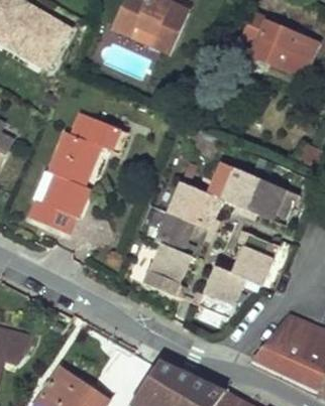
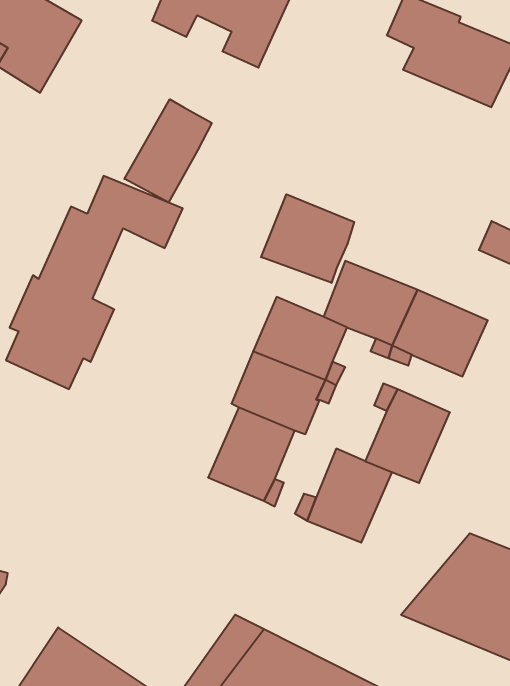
building: none -> [124,99,212,203]
building: none -> [261,194,354,283]

